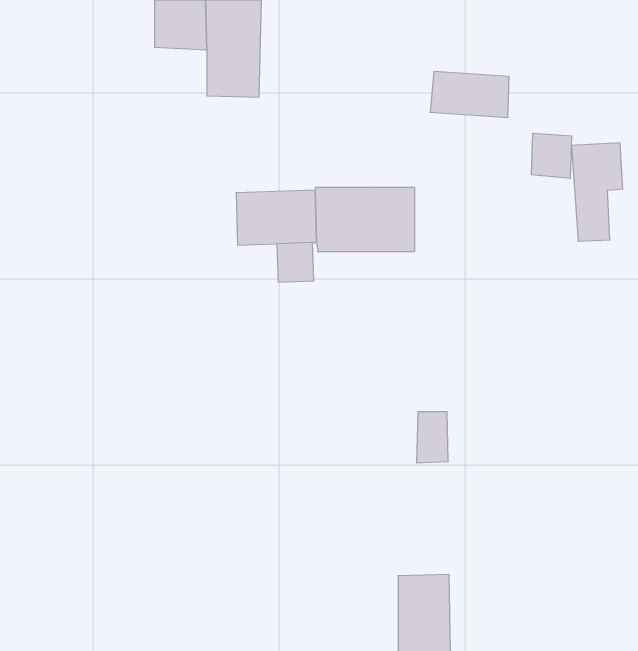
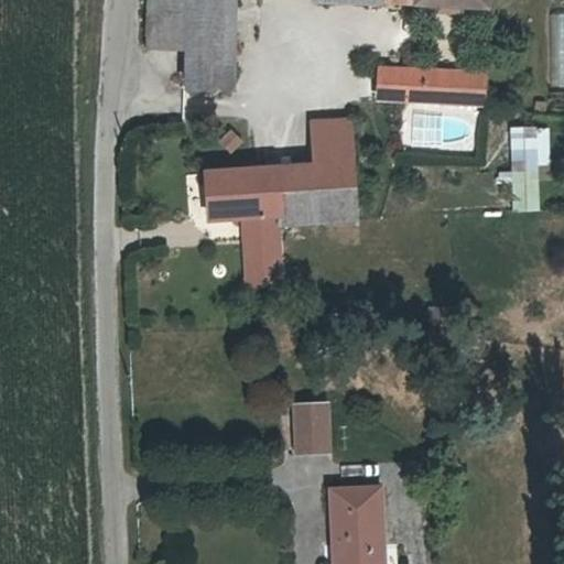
building: [531,134,572,178] -> [438,67,474,106]
building: none -> [324,118,358,163]
building: none -> [240,243,272,278]
building: [416,412,448,463] -> [307,415,335,459]

